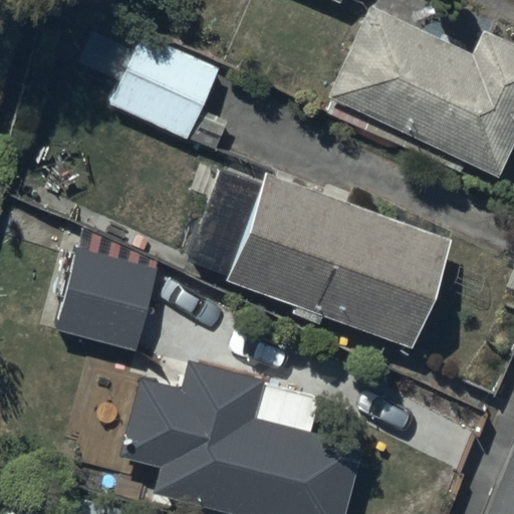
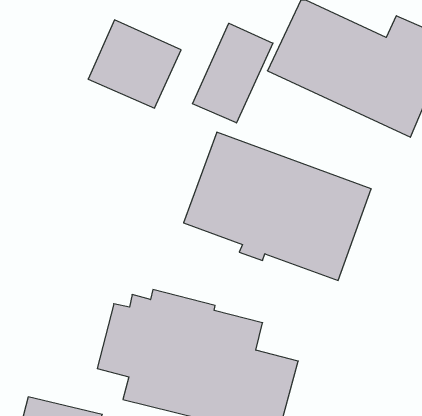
building: none -> [193,23,273,123]
building: [55,248,160,352] -> none

